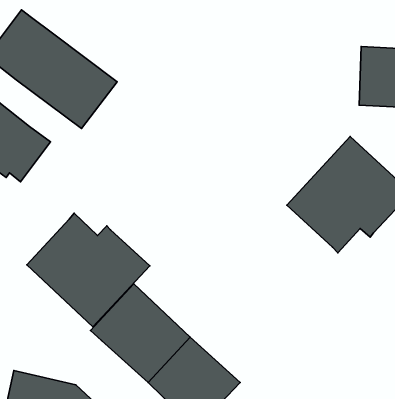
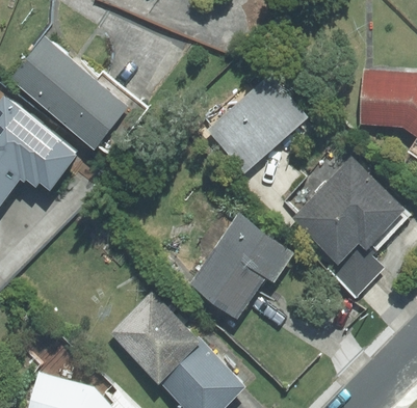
building: none -> [207,73,310,172]
building: none -> [191,213,295,317]
building: [27,213,150,327] -> none
building: none -> [324,240,383,298]

